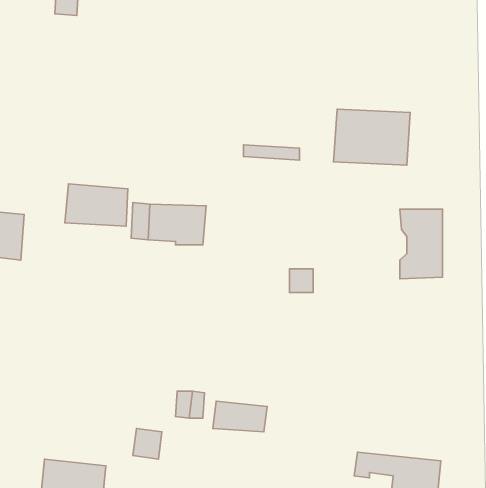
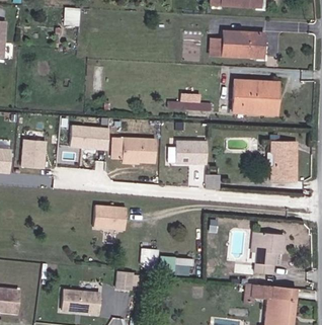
building: none -> [208,30,262,57]
building: none -> [176,142,206,166]
building: none -> [90,206,124,229]
building: none -> [255,233,285,274]

